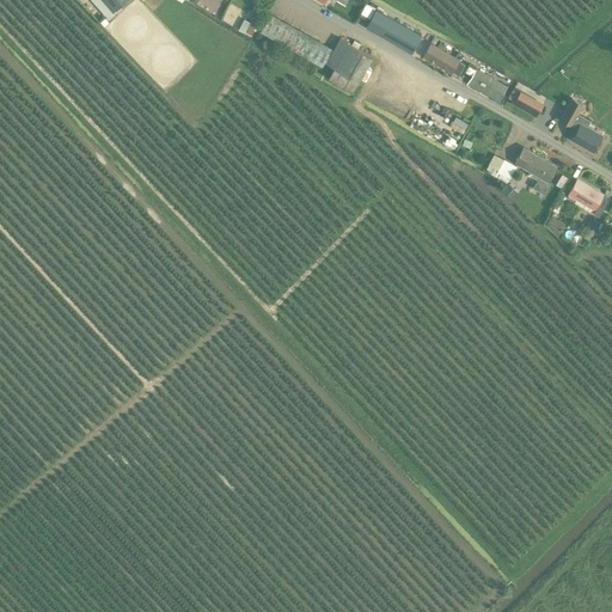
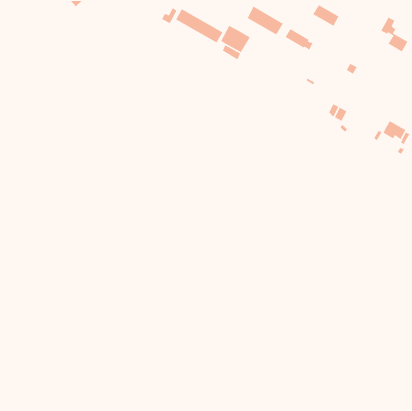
building: [466,69,507,103] -> [312,4,339,27]
building: [559,98,601,152] -> [380,16,408,53]
building: [514,147,556,182] -> none

